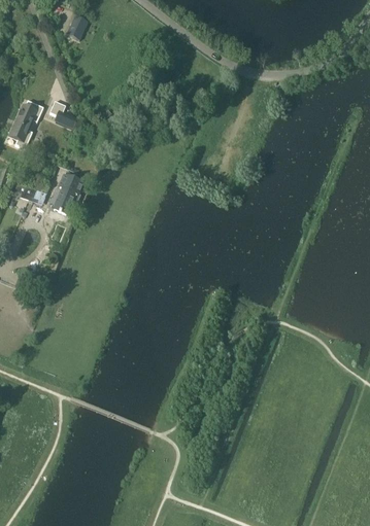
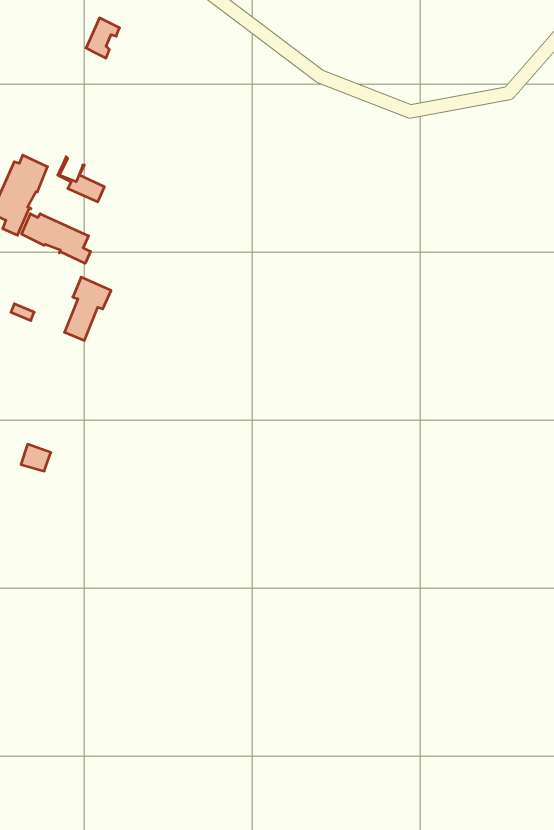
building: none -> [22,214,91,263]

